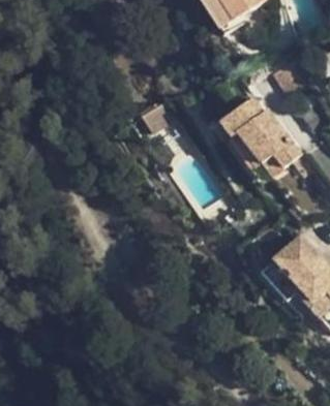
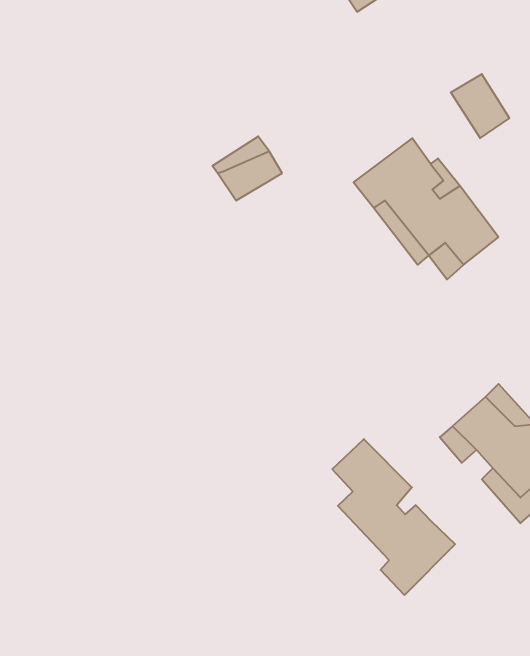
building: none -> [332,439,455,595]

